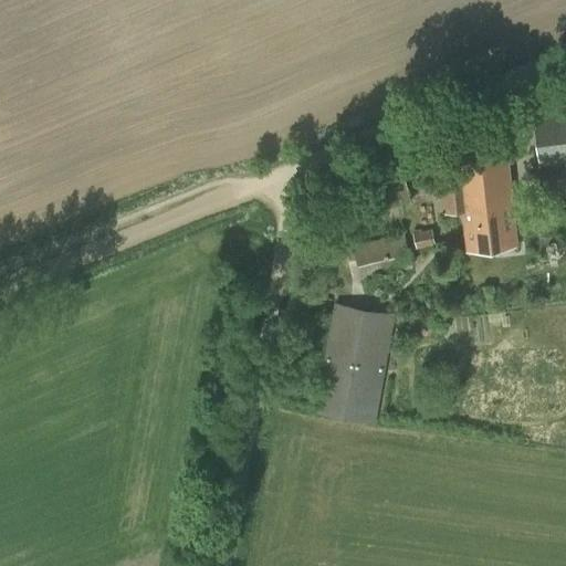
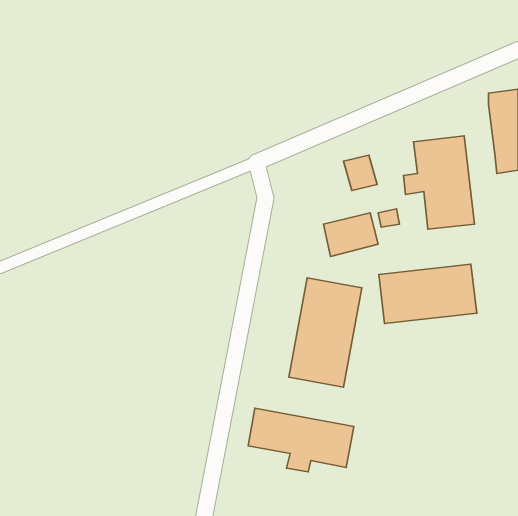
building: none -> [379,264,477,324]
building: none -> [248,408,354,472]

